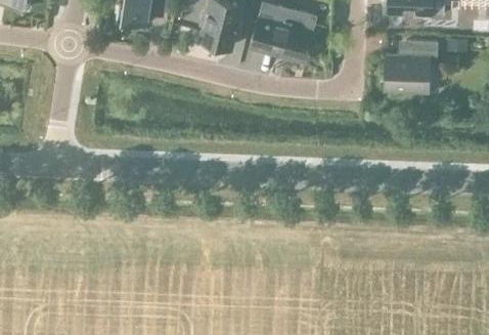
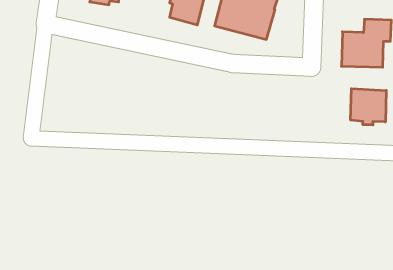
building: none -> [351,89,386,125]

